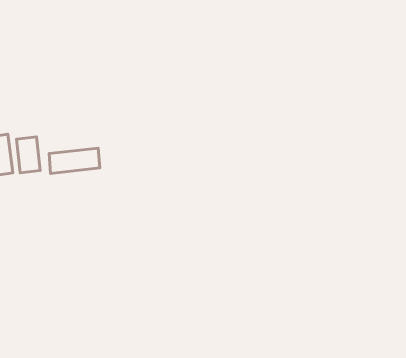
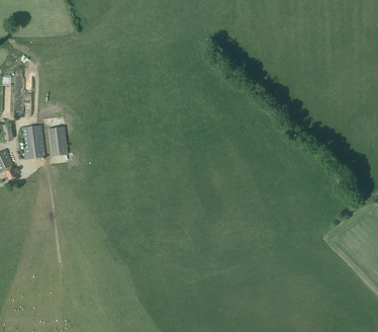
building: [49,148,100,173] -> none

